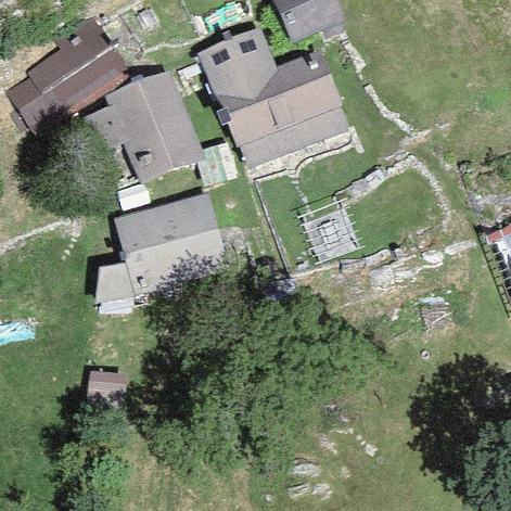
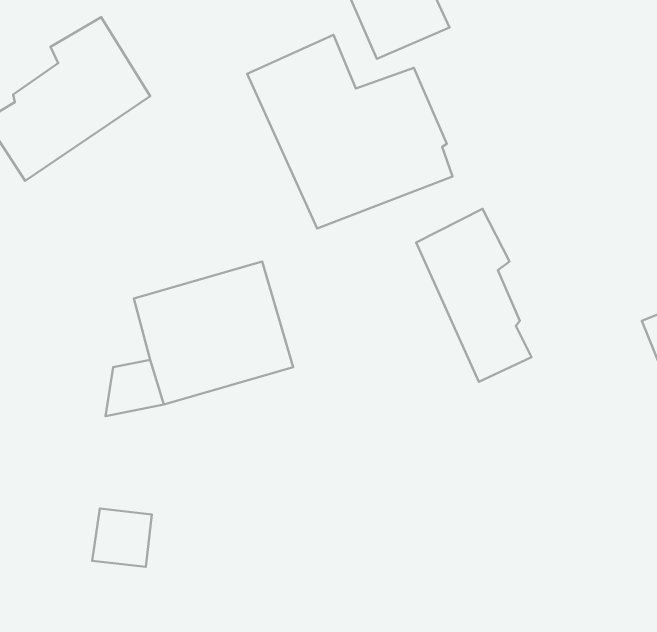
building: [86,69,206,186] -> none
building: none -> [416,209,532,382]

